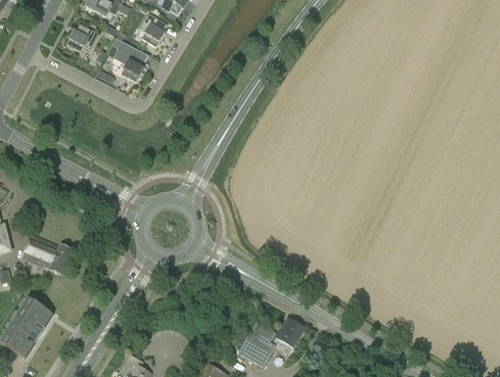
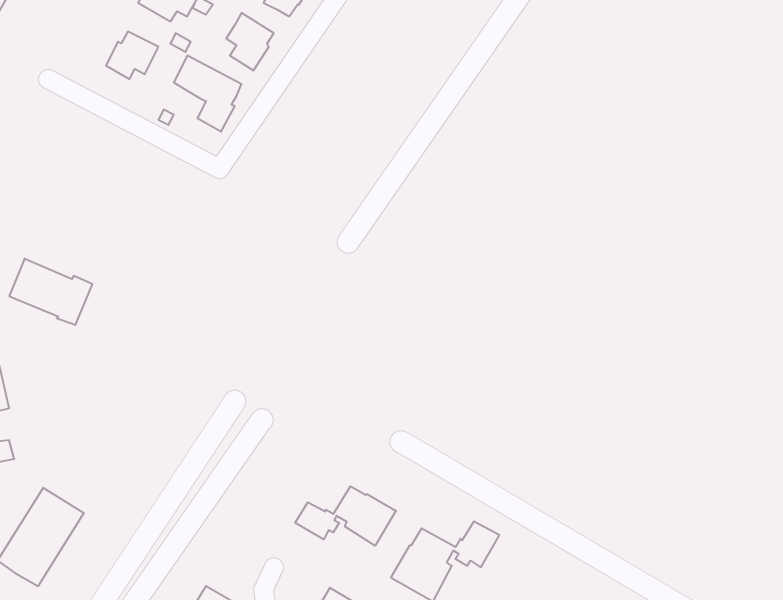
building: [21,235,72,275] -> [9,259,92,325]
building: none -> [295,486,396,546]

